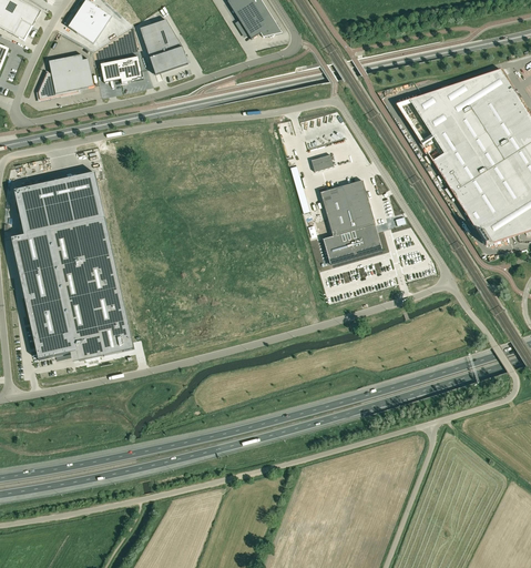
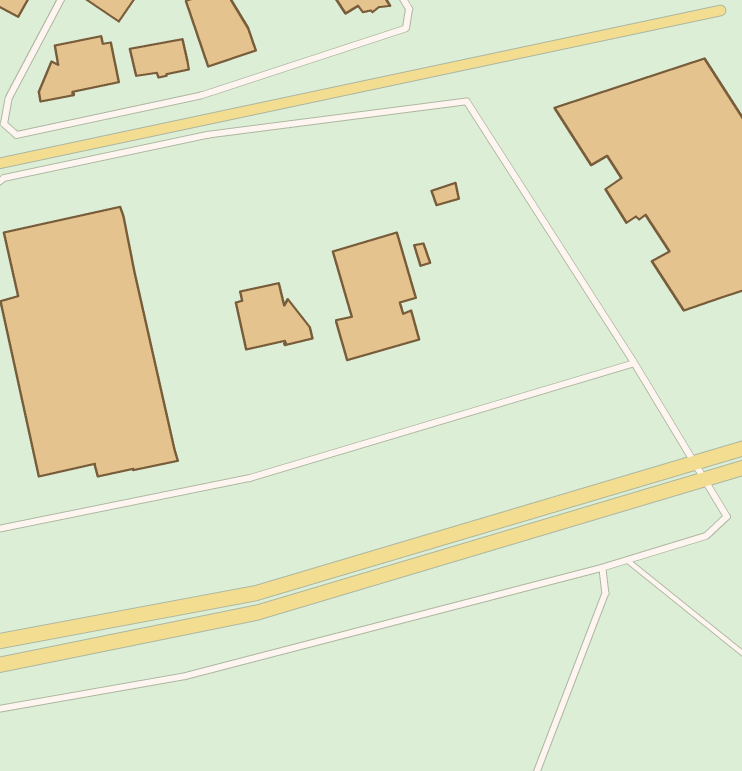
building: [319,176,379,265] -> [333,232,419,360]
building: none -> [236,283,313,349]

